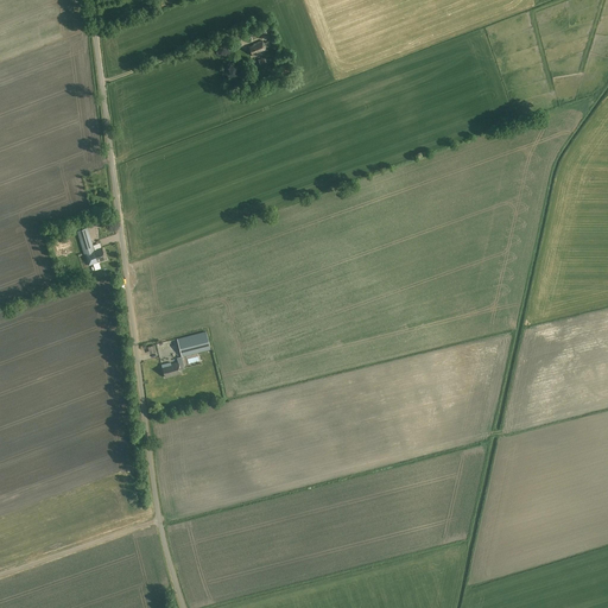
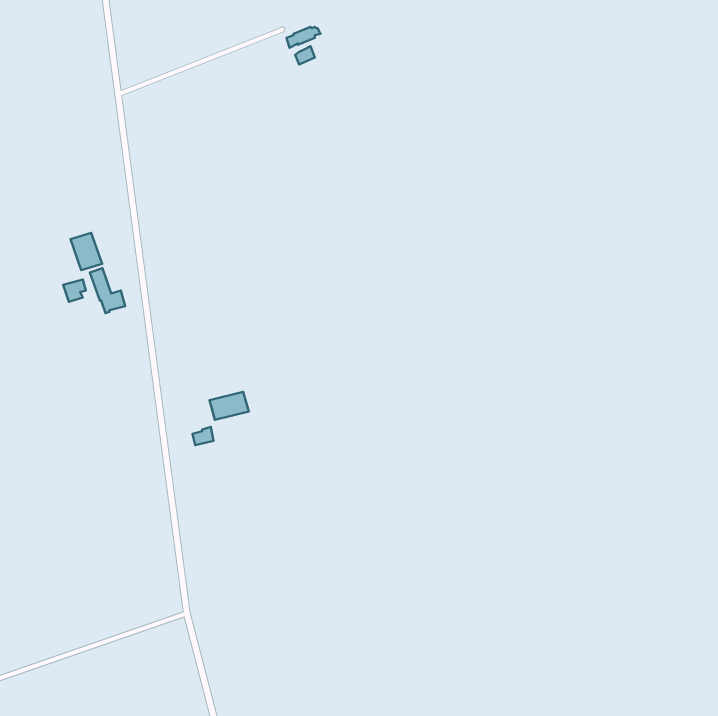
building: none -> [70,233,102,270]

